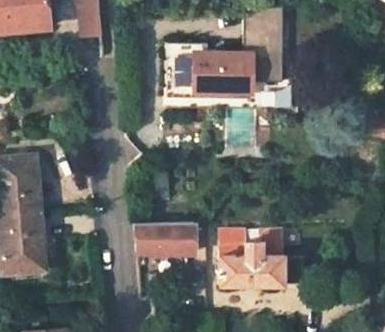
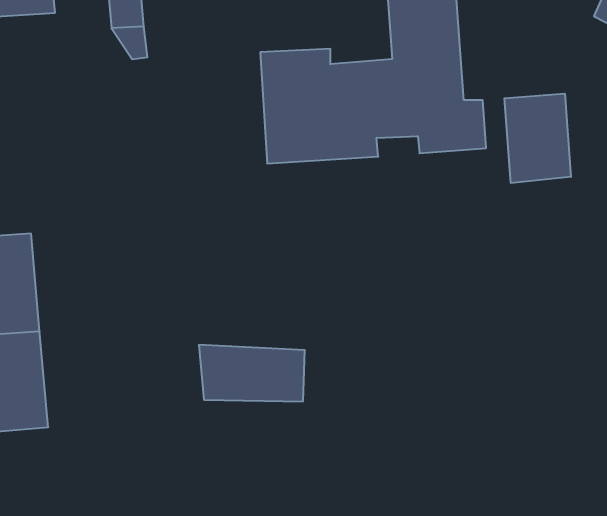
building: none -> [504,94,571,183]
building: [210,238,300,286] -> none

